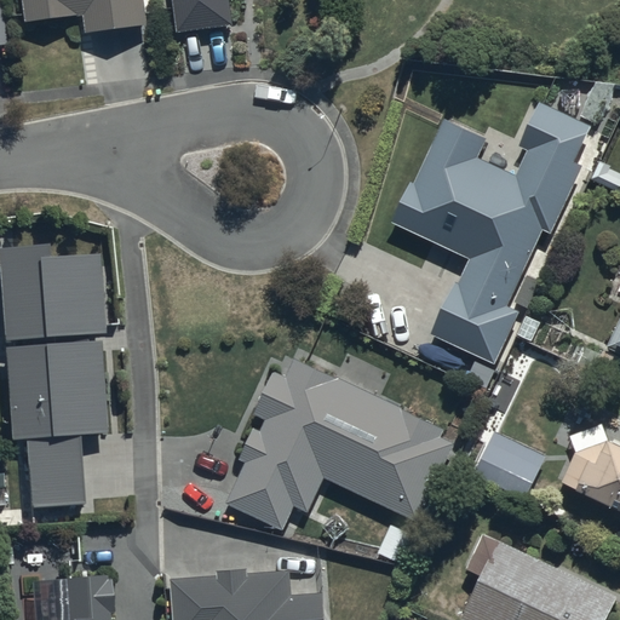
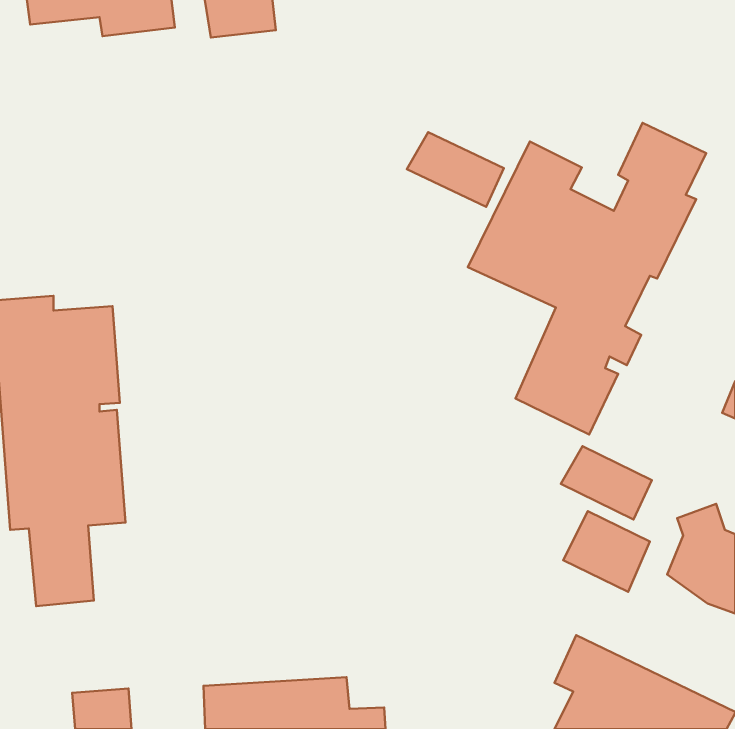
building: none -> [407,132,504,207]
building: [226,357,453,528] -> none
building: none -> [561,446,652,519]

